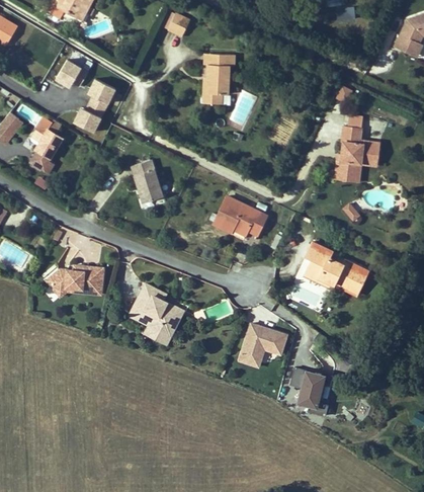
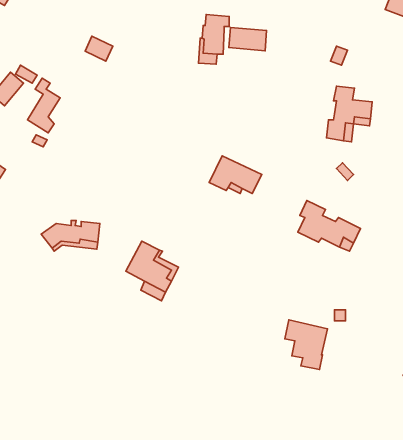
building: [59,62,87,86] -> none
building: none -> [229,27,267,51]
building: [73,105,101,131] -> none
building: [131,159,163,202] -> none
building: [237,322,284,366] -> none

